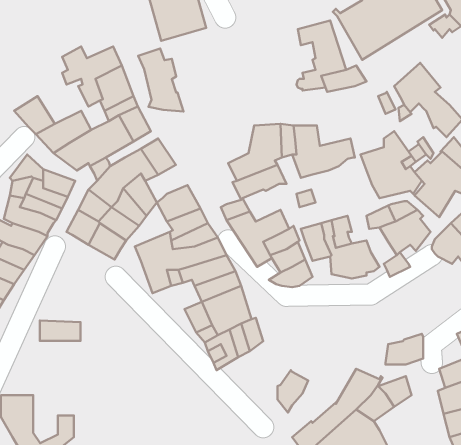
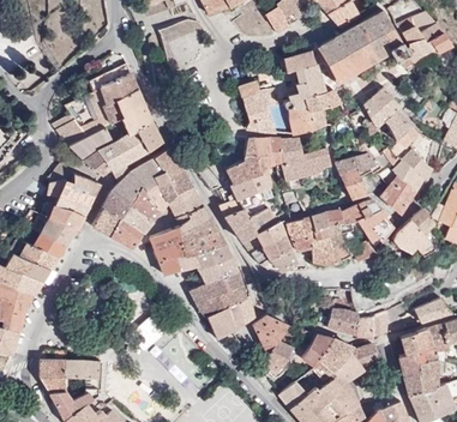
building: [138,49,183,111] -> [239,80,276,132]
building: none -> [288,102,344,133]
building: none -> [158,170,193,201]
building: none -> [325,210,359,242]
building: [40,321,81,341] -> [66,360,100,376]
building: none -> [327,300,359,333]
building: none -> [254,315,288,352]
building: none -> [300,330,332,367]

